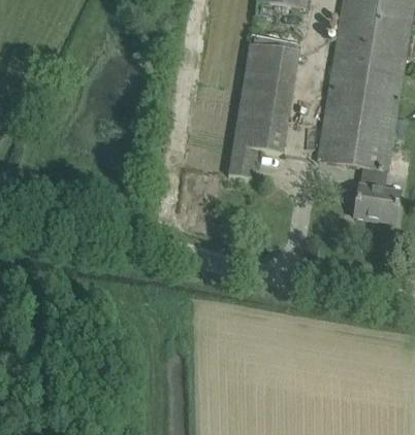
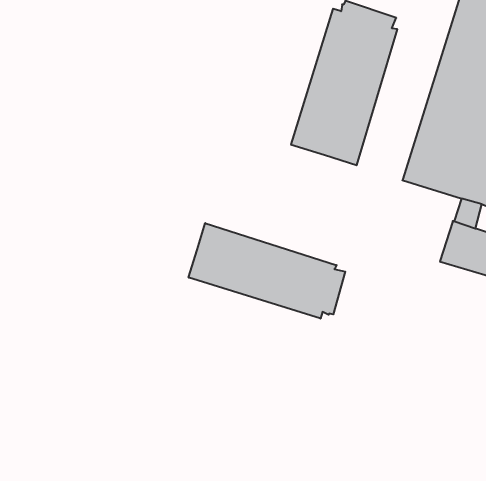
building: [228,145,258,177] -> none
building: none -> [189,223,345,319]

